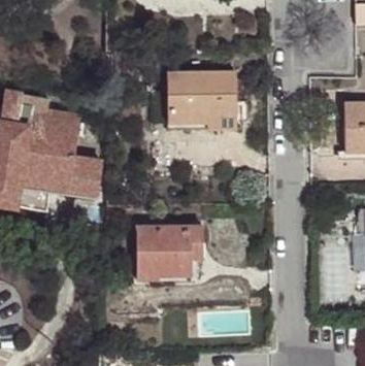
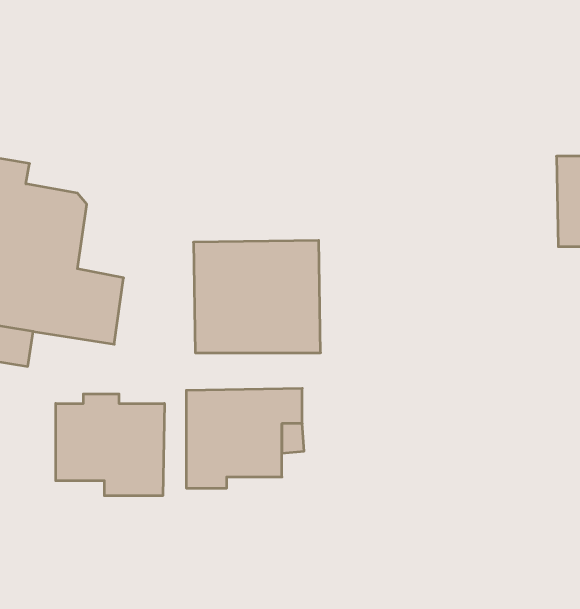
building: [166,68,237,131] -> [193,240,321,353]
building: none -> [56,394,164,496]

